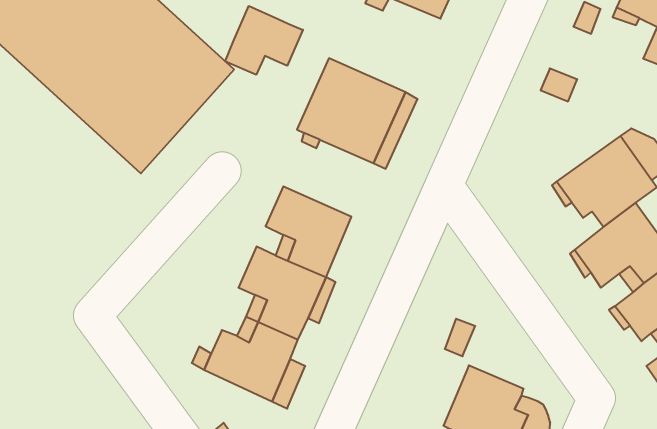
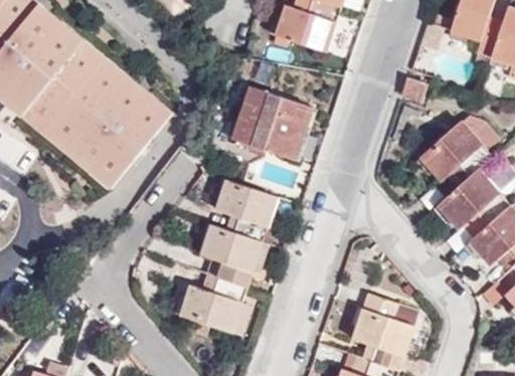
building: [225,6,303,75] -> none

